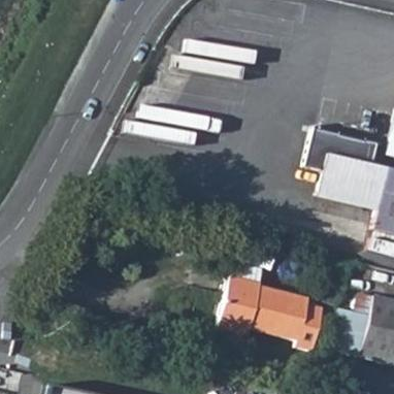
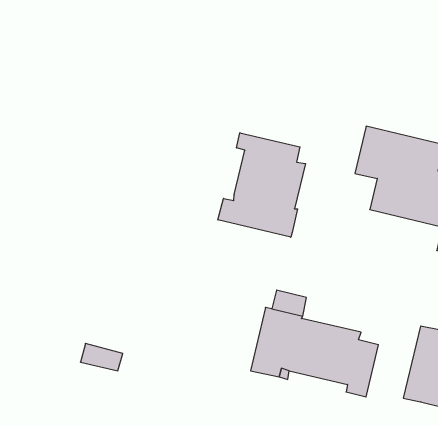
building: none -> [218,133,306,237]

